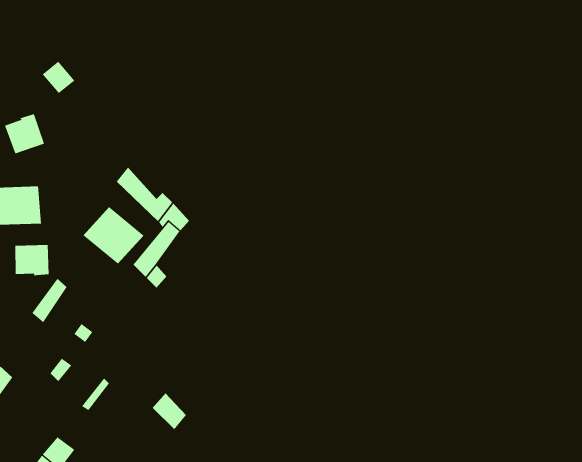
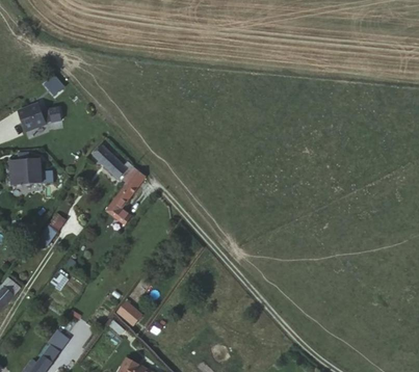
building: [83,206,144,265] -> none
building: [15,244,49,276] -> none

